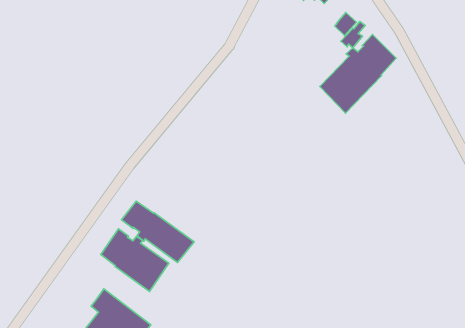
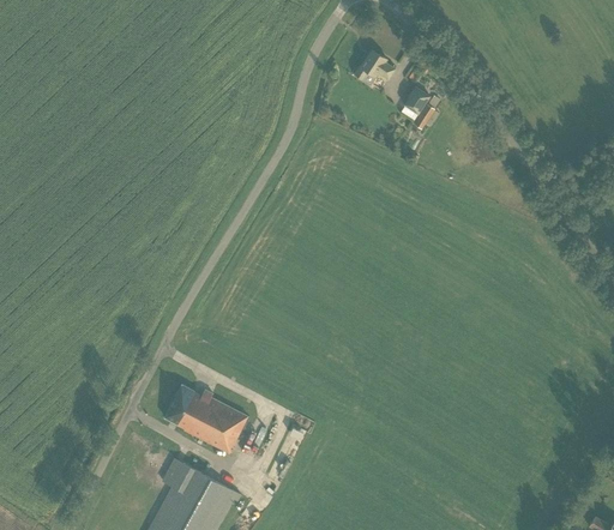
building: [320,34,396,113] -> none
building: [121,201,194,262] -> none

